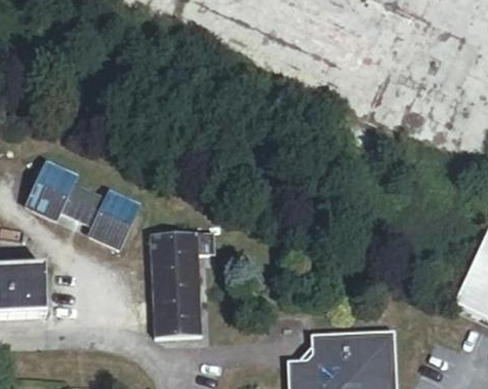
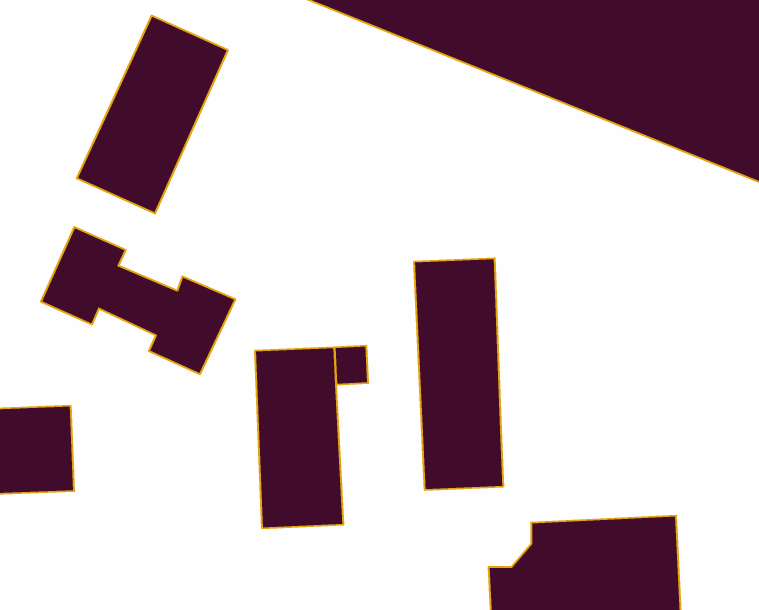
building: none -> [77,16,228,214]
building: none -> [414,258,503,490]

